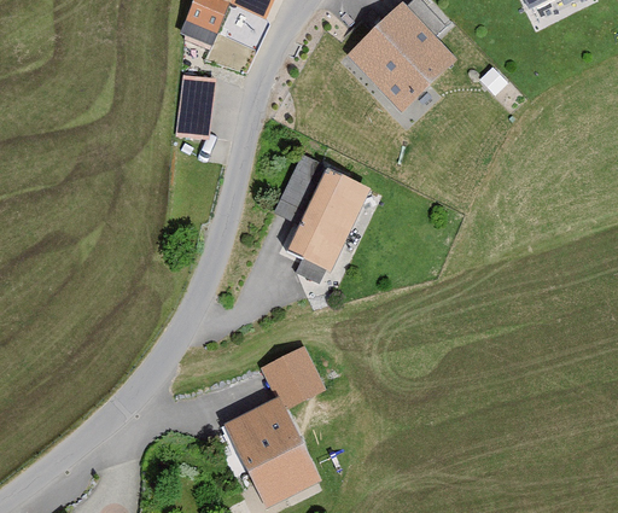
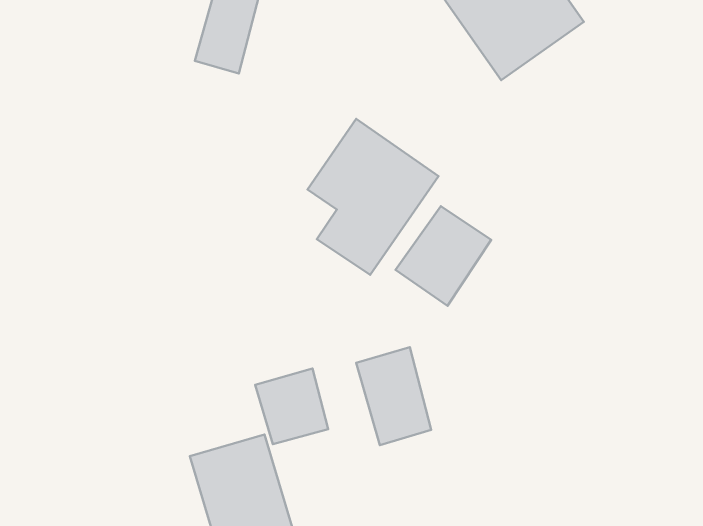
building: none -> [395,206,491,306]
building: none -> [356,347,431,445]

